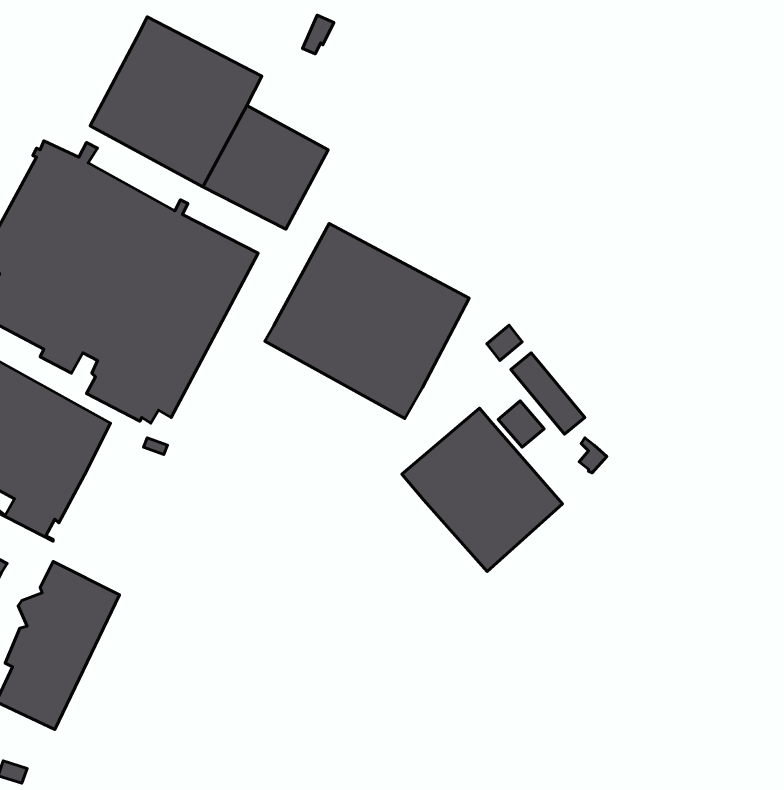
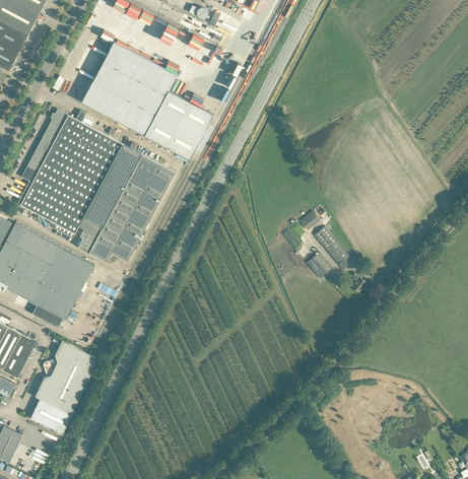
building: [265,224,469,419] -> none
building: [402,408,563,571] -> none

